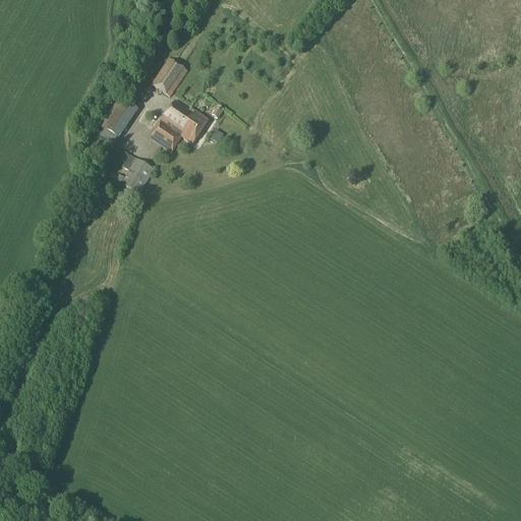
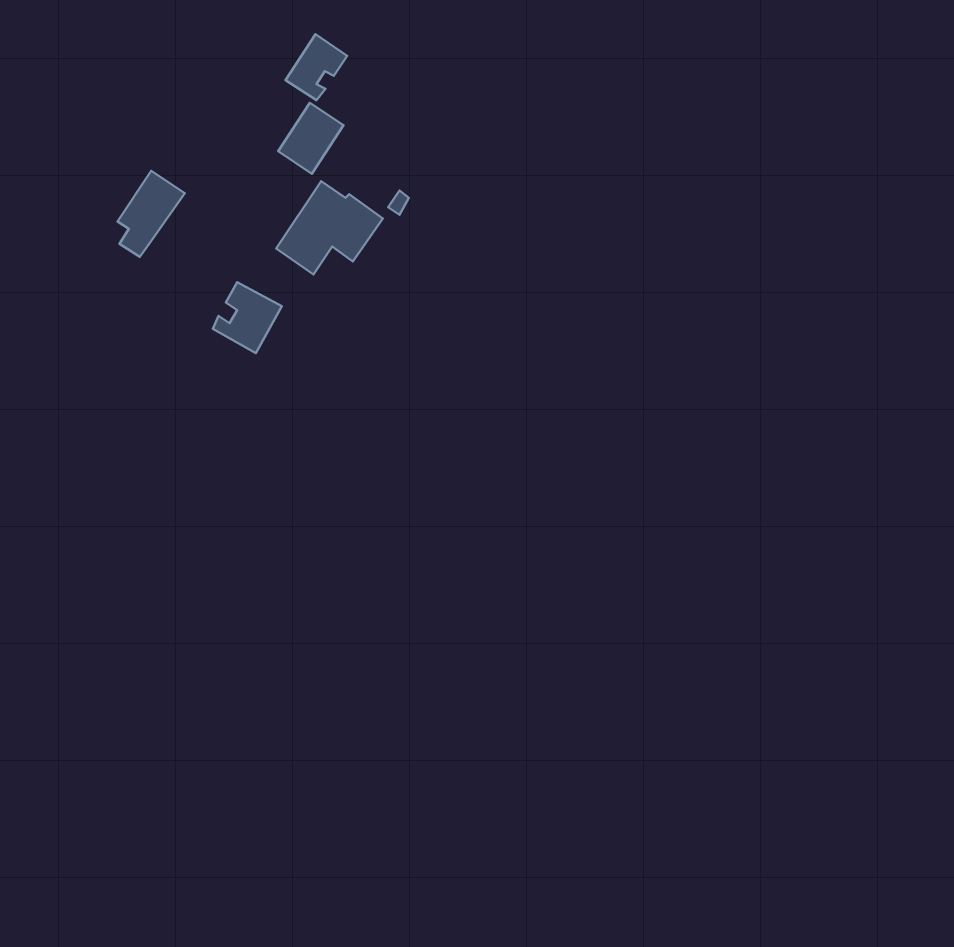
building: none -> [285,34,347,100]
building: [101,96,137,142] -> [118,171,185,257]

